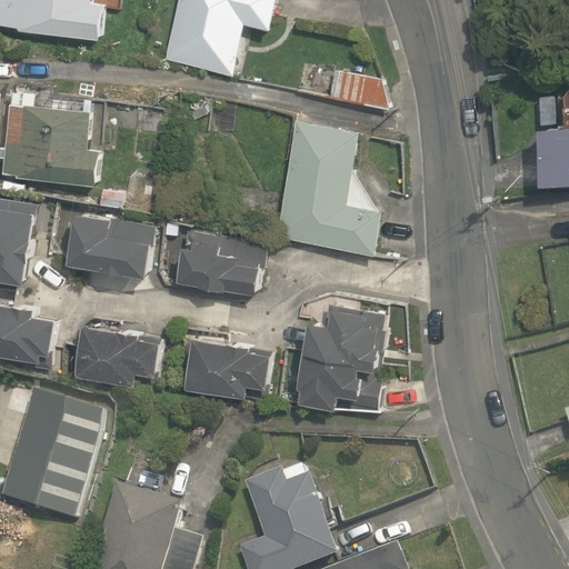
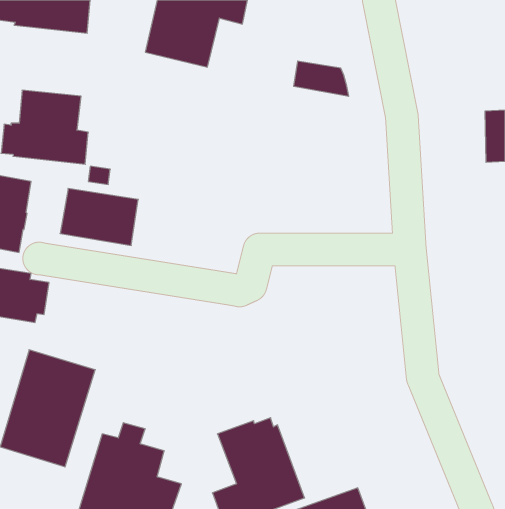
building: [273,118,381,256] -> none
building: [177,236,263,293] -> none
building: [297,303,386,407] -> none
building: [74,323,160,385] -> none
building: [184,336,271,397] -> none

